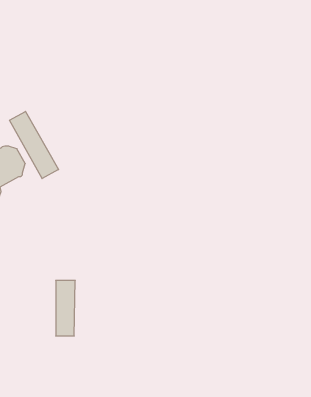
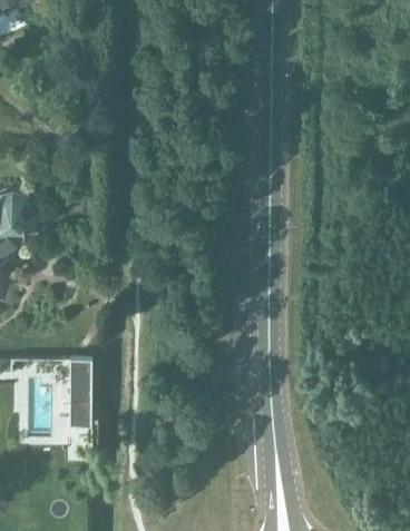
building: [10,111,59,179] -> none

